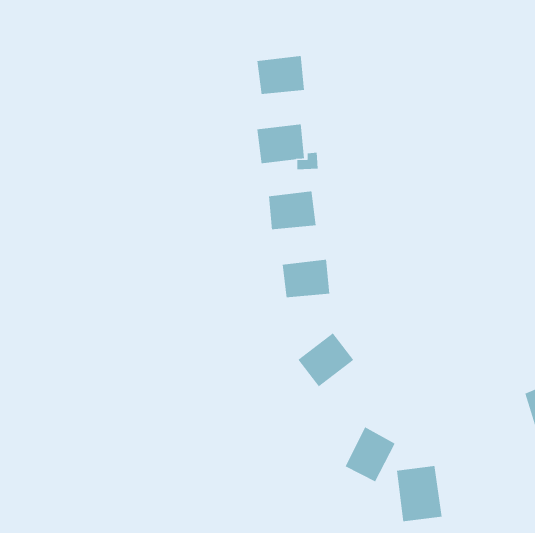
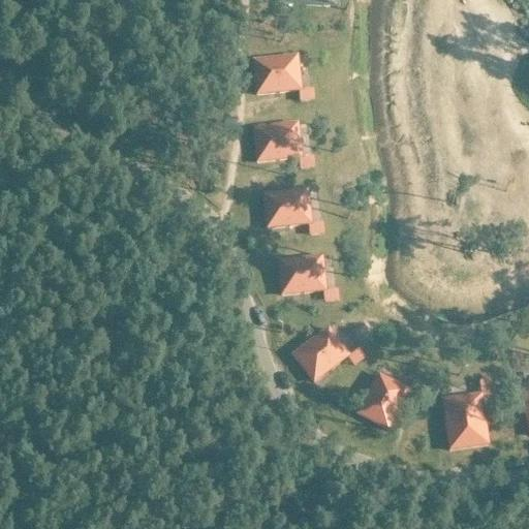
building: [345,427,395,482] -> [360,373,409,428]
building: [396,465,442,522] -> [444,394,490,449]

